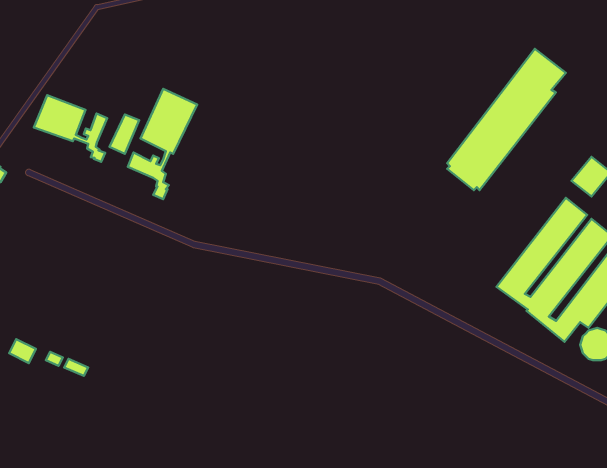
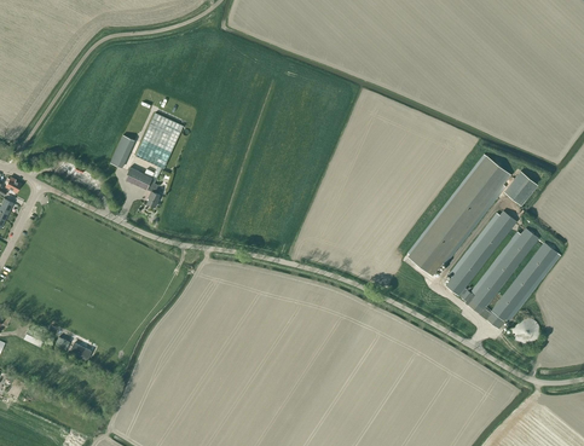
building: [447,49,566,190] -> [409,154,510,274]
building: [34,95,107,162] -> none

